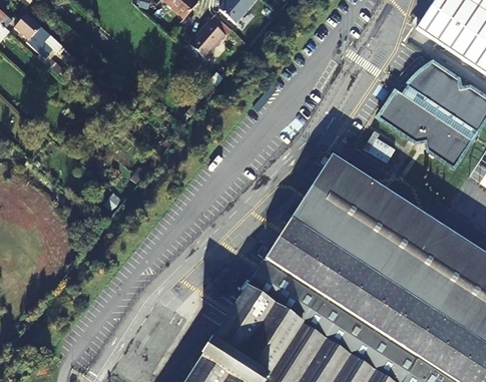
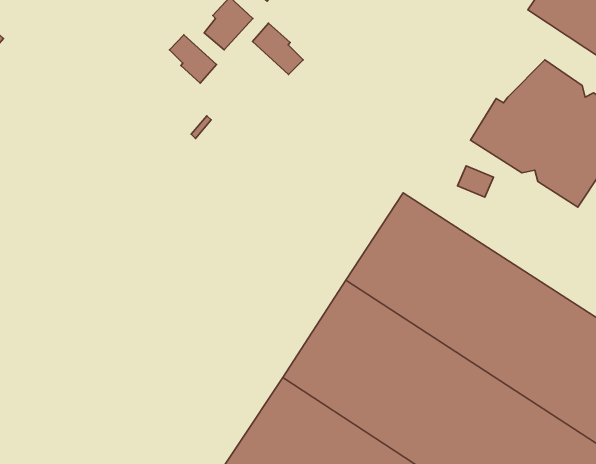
building: none -> [253,23,303,74]
building: none -> [169,35,216,83]

